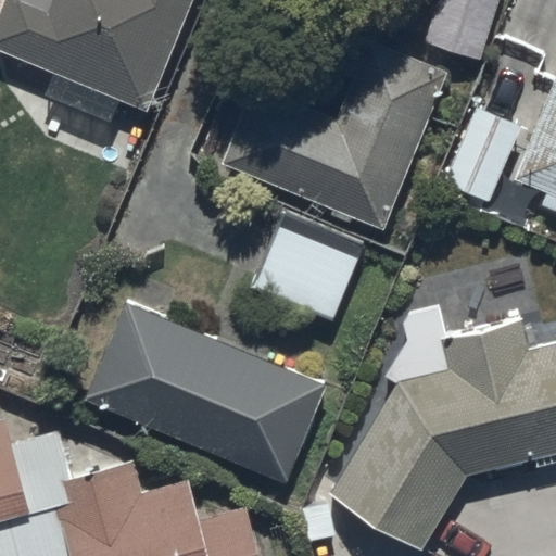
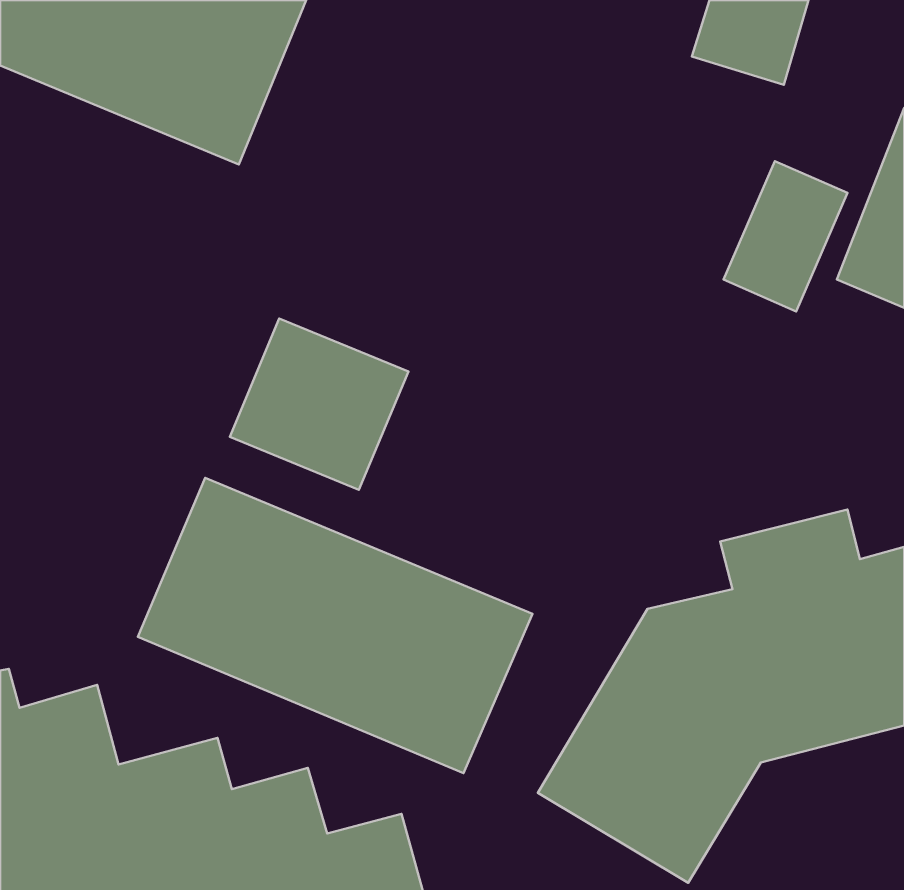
building: [220,38,447,229] -> none
building: [254,215,364,320] -> [230,318,408,490]

